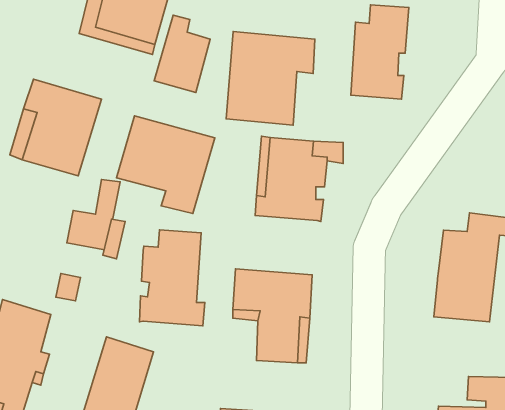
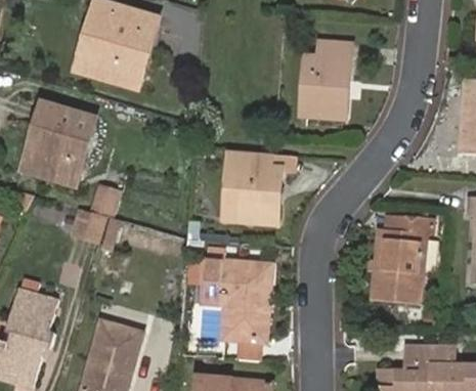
building: [154,15,210,92] -> none
building: [226,32,315,125] -> none
building: [116,116,215,214] -> none
building: [139,230,205,326] -> none

